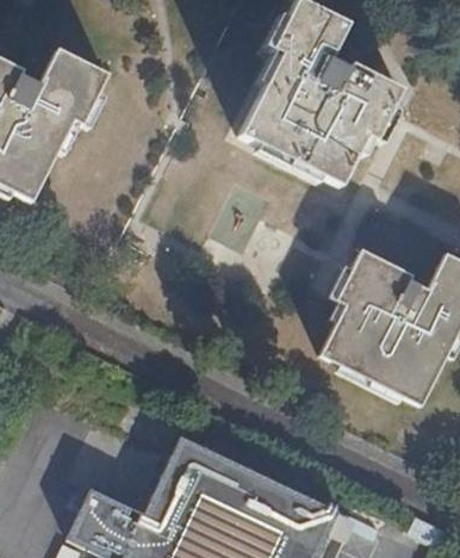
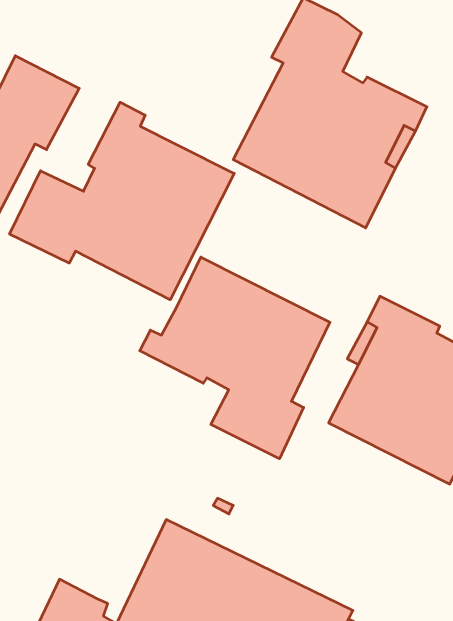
building: none -> [10,102,234,300]
building: none -> [140,257,330,459]

